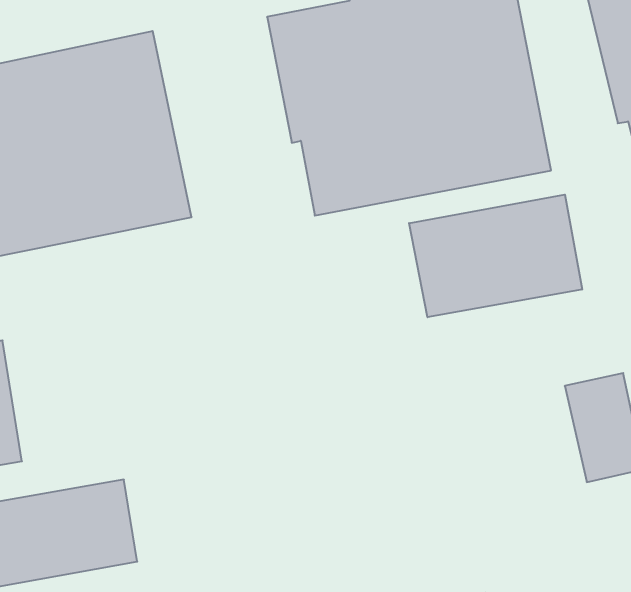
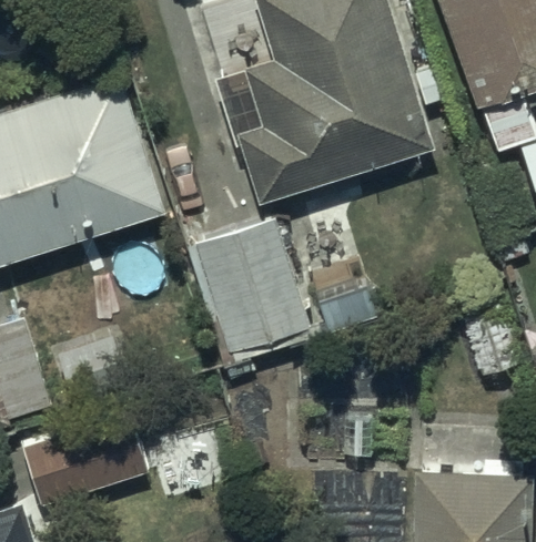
building: [409,195,582,317] -> none
building: none -> [193,223,318,381]

